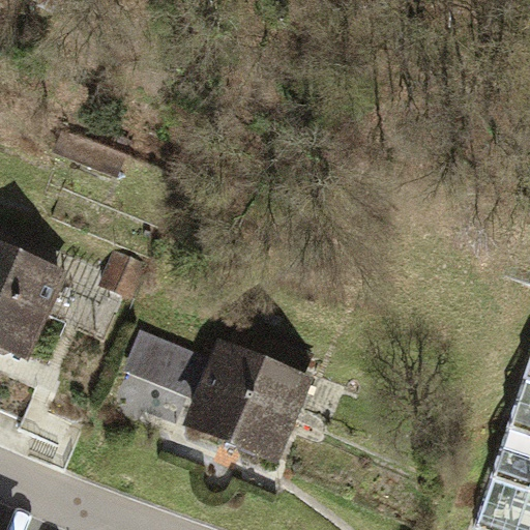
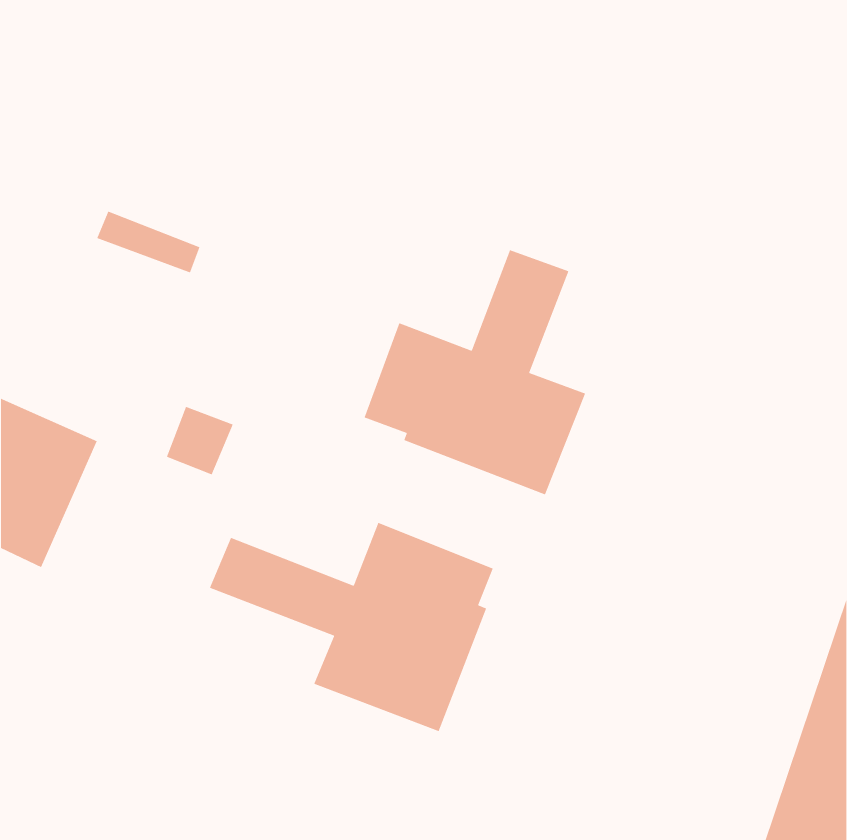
building: none -> [364,249,586,495]

